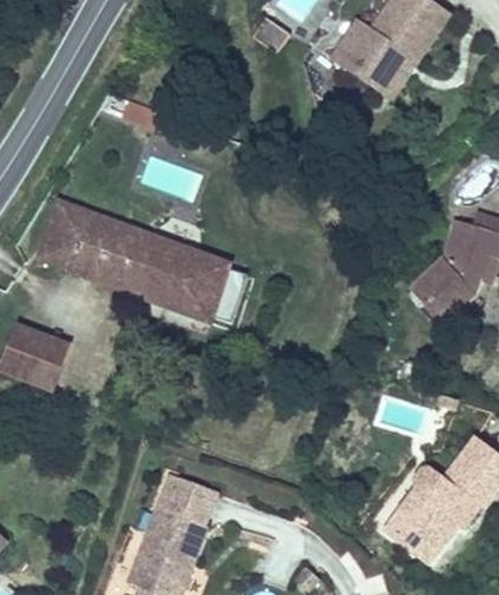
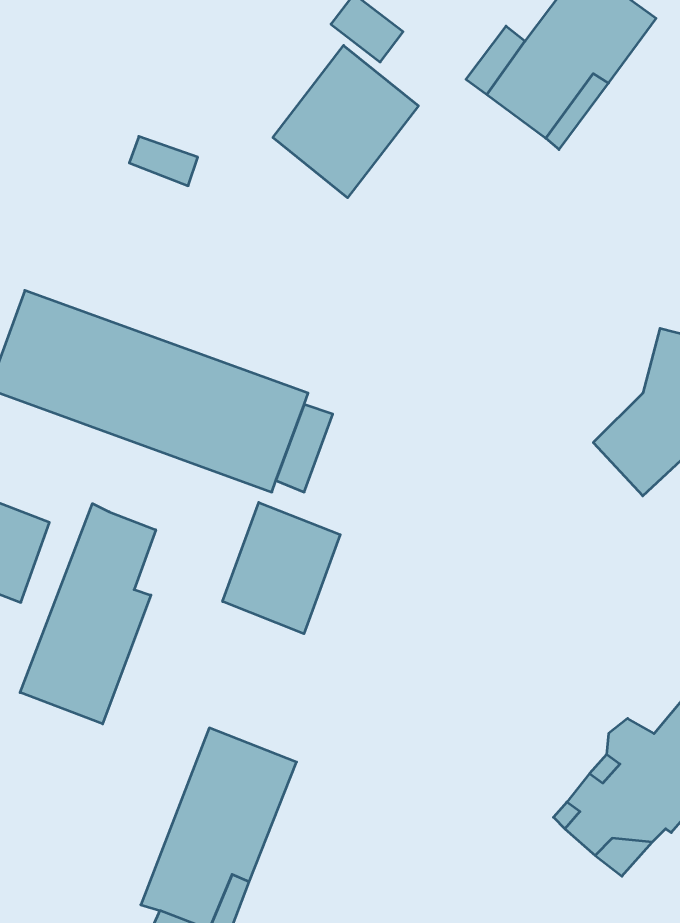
building: none -> [273,45,418,198]
building: none -> [223,502,340,634]
building: none -> [20,504,156,724]

